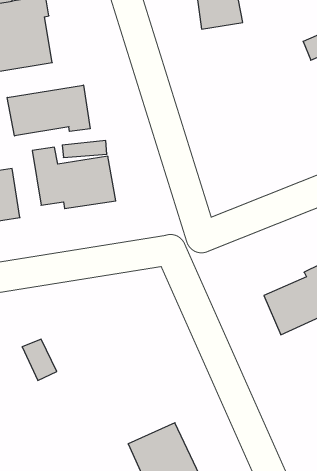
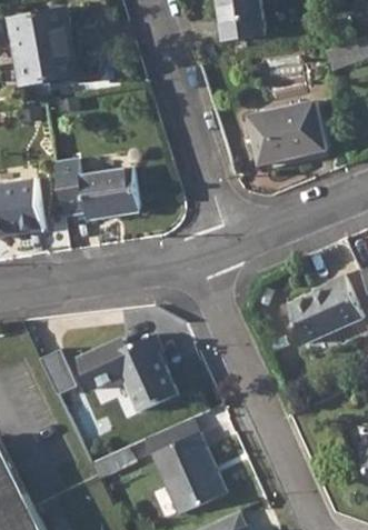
building: [7,85,90,136] -> none
building: none -> [248,102,322,163]
building: none -> [77,334,175,410]

